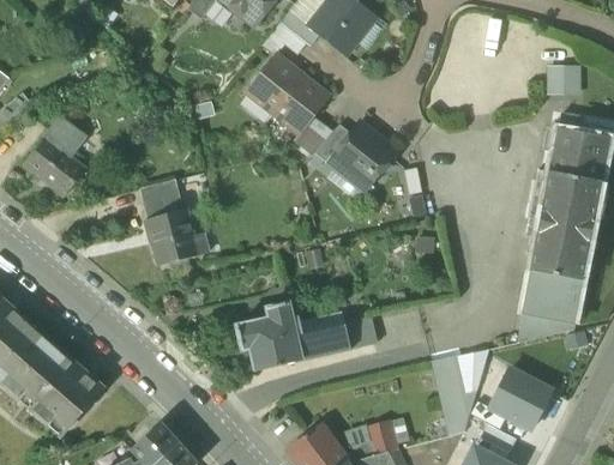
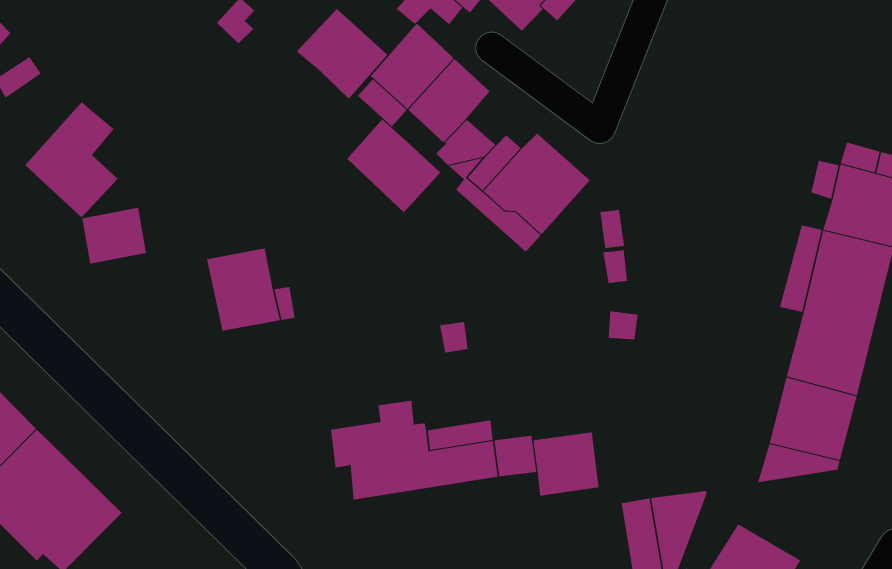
building: none -> [296,8,388,100]
building: [547,65,579,95] -> none
building: none -> [347,118,441,213]
building: [140,179,185,218] -> [82,207,147,264]
building: none -> [533,431,599,497]

